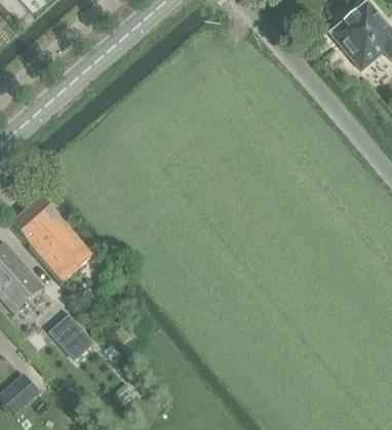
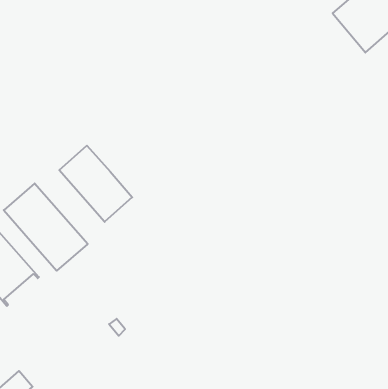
building: none -> [59,146,132,222]
building: [47,314,93,361] -> none

